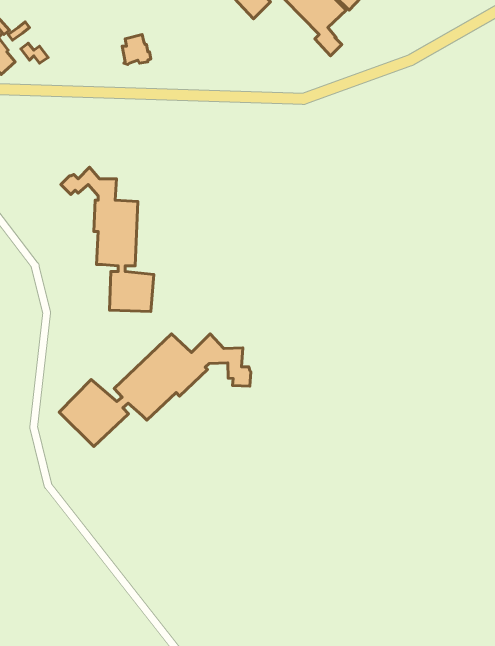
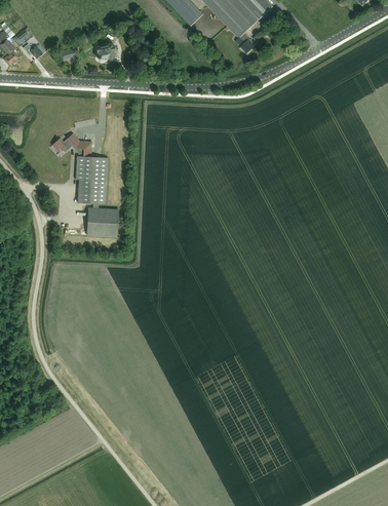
building: [59,334,251,446] -> none

